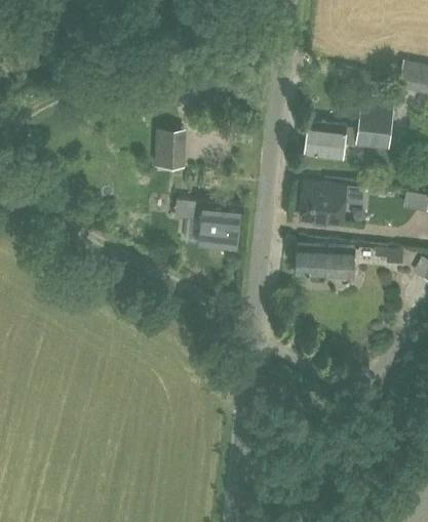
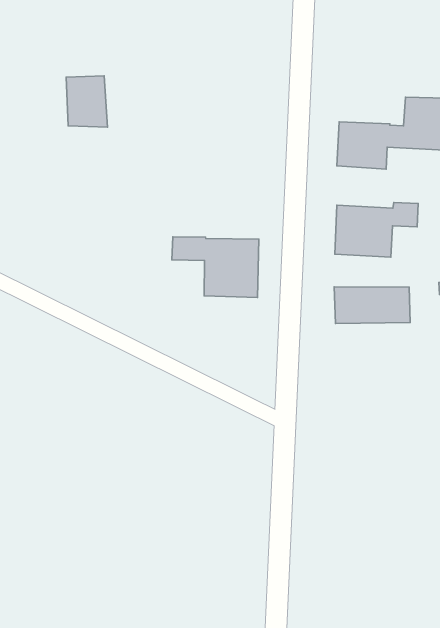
building: [155,129,185,169] -> [66,76,108,127]

